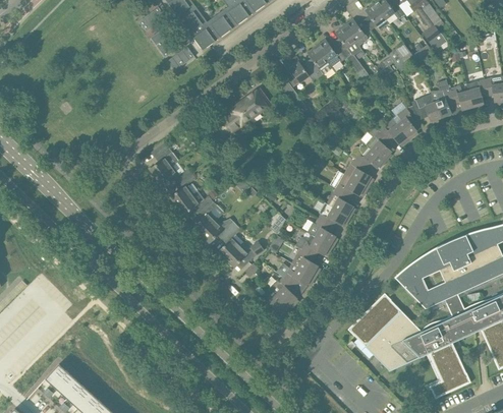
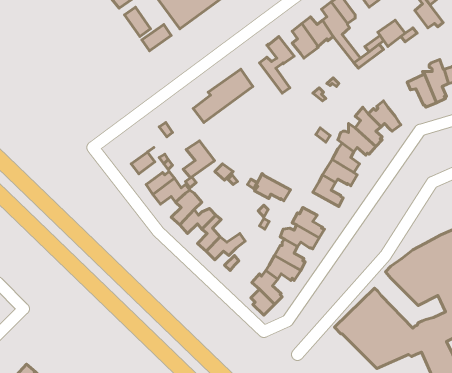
building: [393,106,420,137] -> none
building: [150,142,179,177] -> [183,141,215,178]
building: [318,201,351,227] -> [255,174,290,201]

